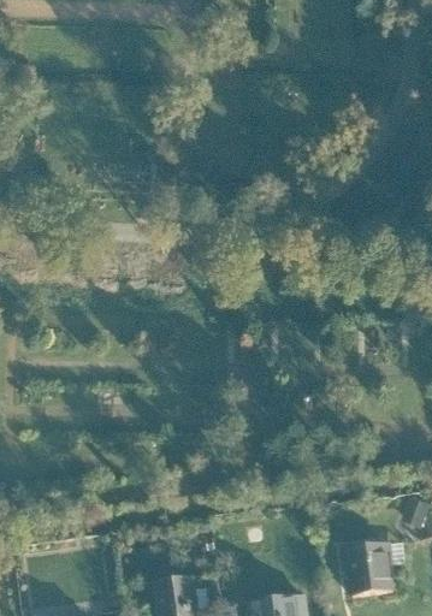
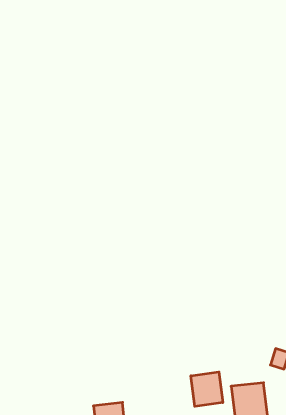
building: none -> [191,372,223,406]

